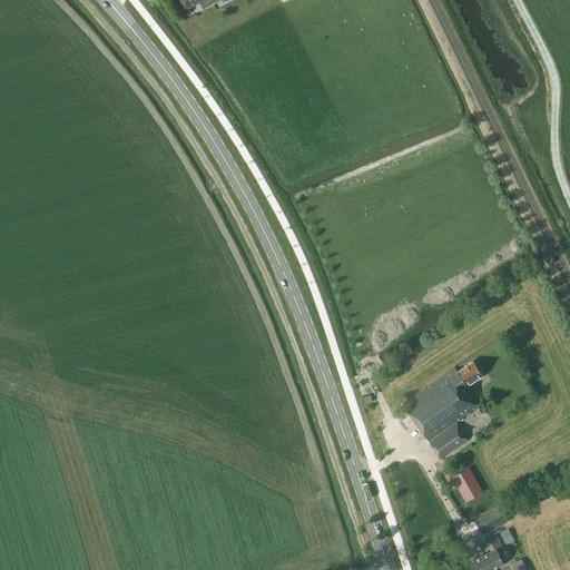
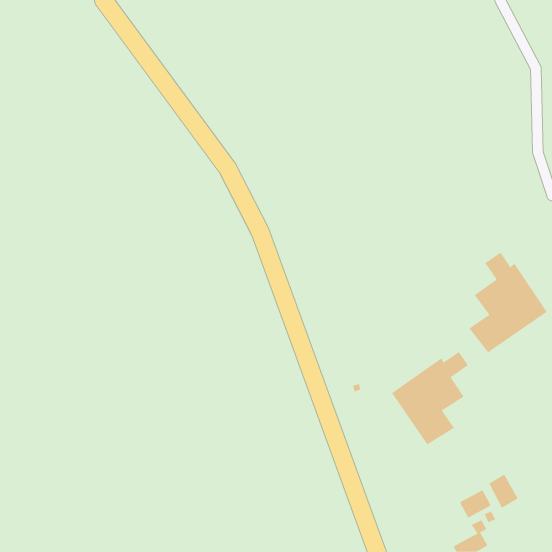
building: none -> [469,252,548,353]
building: [452,466,483,502] -> [488,474,519,508]

